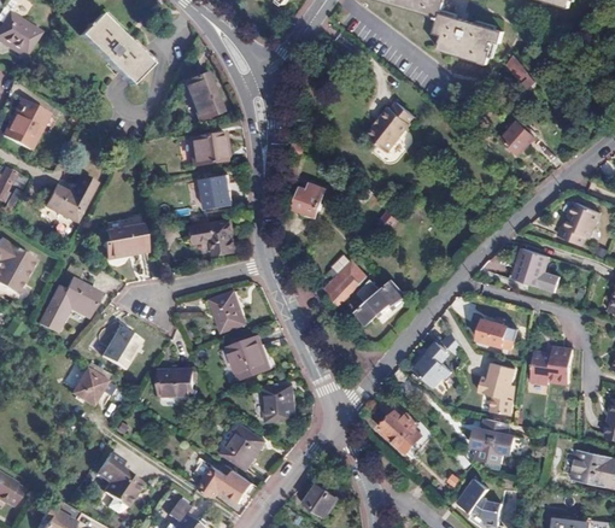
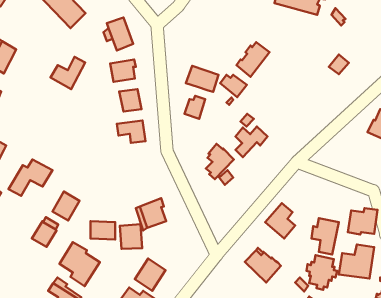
building: none -> [186,66,219,92]
building: none -> [220,75,247,97]
building: [46,171,96,218] -> [51,57,85,89]
building: [102,223,146,256] -> none
building: [515,251,550,287] -> none
building: [359,280,406,324] -> [235,127,268,157]
building: [209,292,245,330] -> none
building: [480,321,519,345] -> none
building: [262,385,294,421] -> [120,224,142,249]
building: none -> [59,242,100,286]
building: none -> [339,244,374,279]

